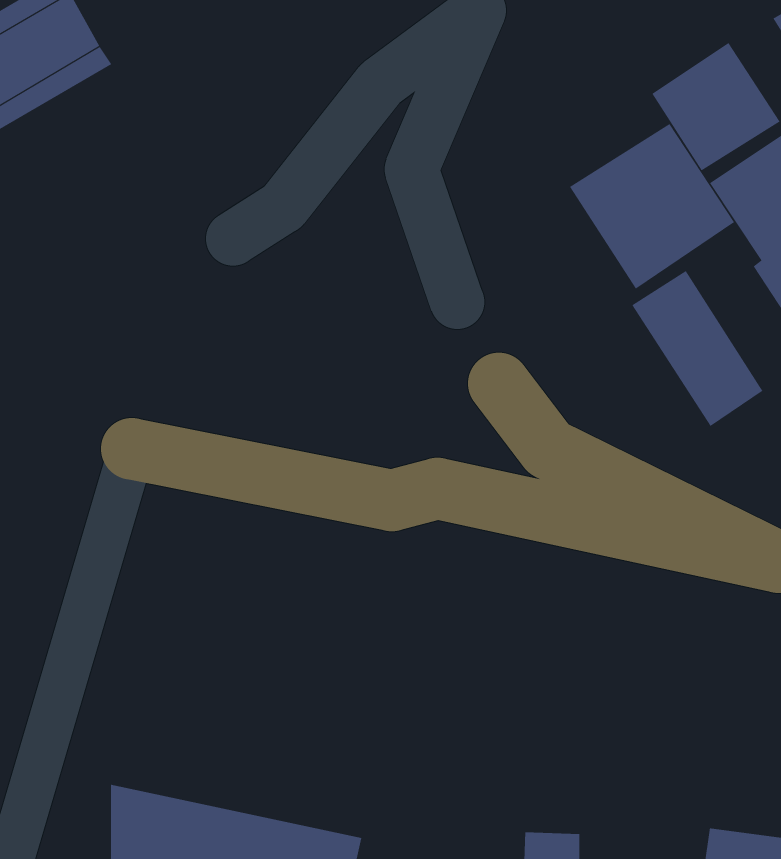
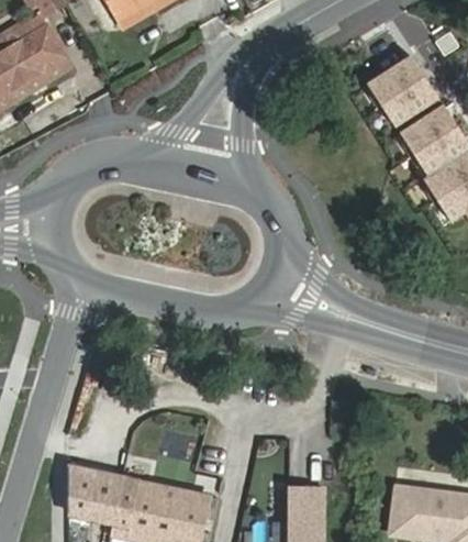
building: [569,123,735,289] -> none
building: [631,270,763,427] -> none

